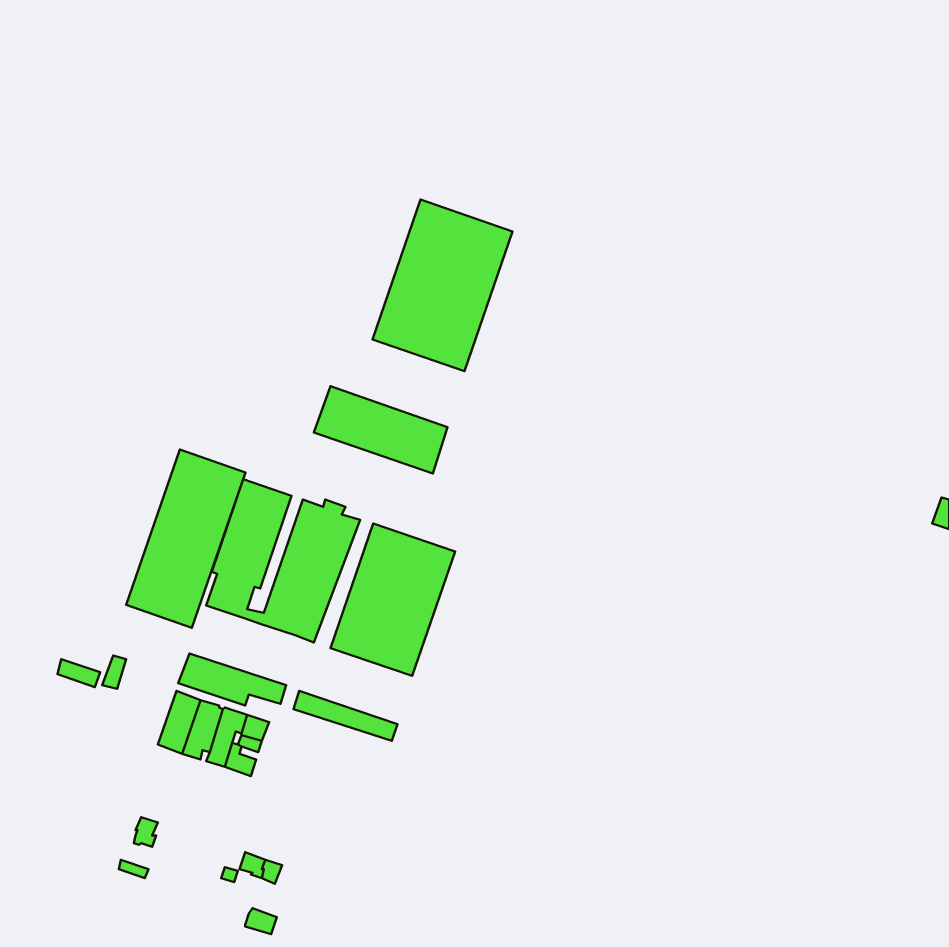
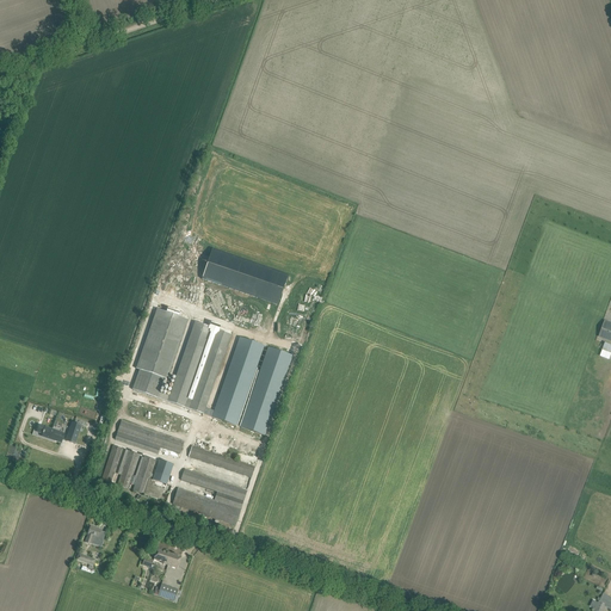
building: [372,200,513,371] -> none
building: [126,450,246,628] -> none
building: none -> [173,468,247,524]

